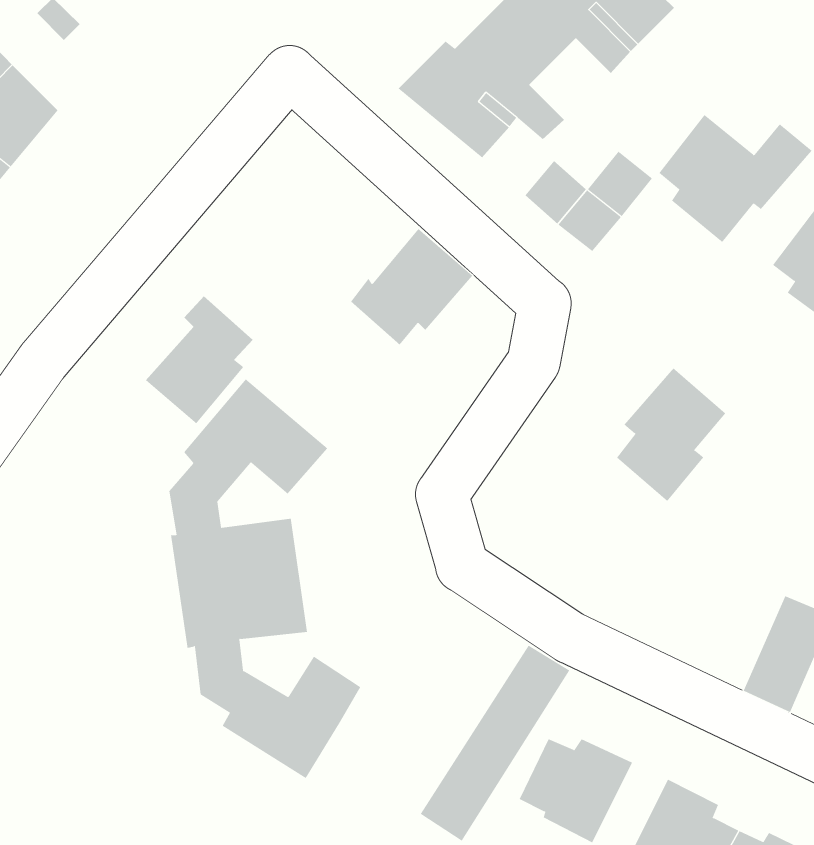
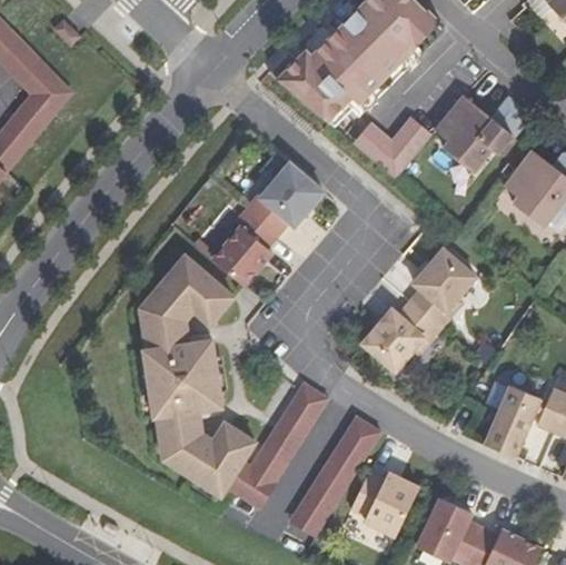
building: none -> [357,48,406,97]
building: [145,296,253,424] -> [212,207,278,285]
building: none -> [363,301,440,370]
building: none -> [227,380,328,507]

